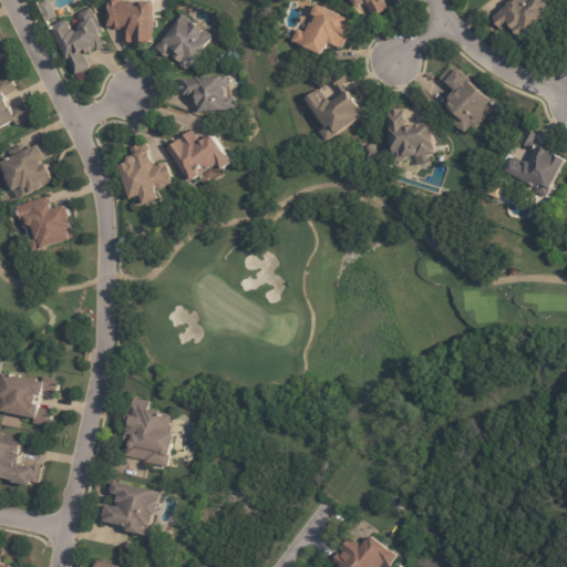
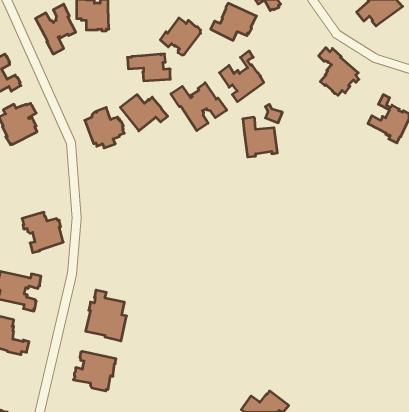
building: [153,17,208,68] -> [160,18,201,55]
building: [386,107,434,162] -> [243,117,277,157]
building: none -> [171,83,227,131]
building: [16,196,72,251] -> [22,212,63,253]

